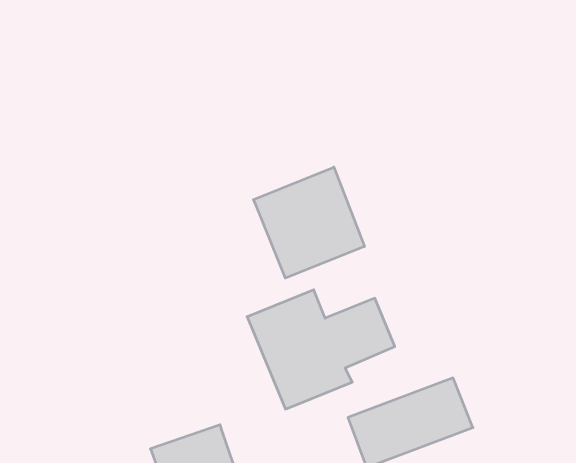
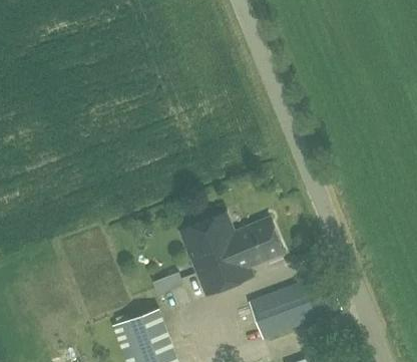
building: [253,167,364,278] -> none

